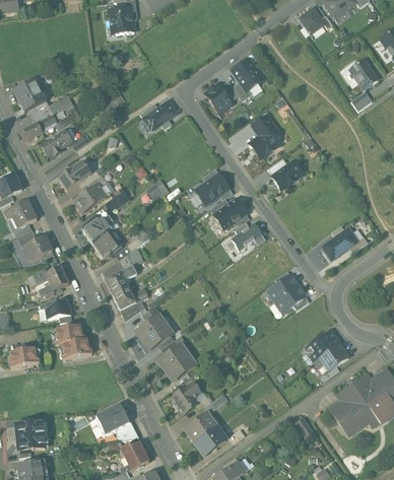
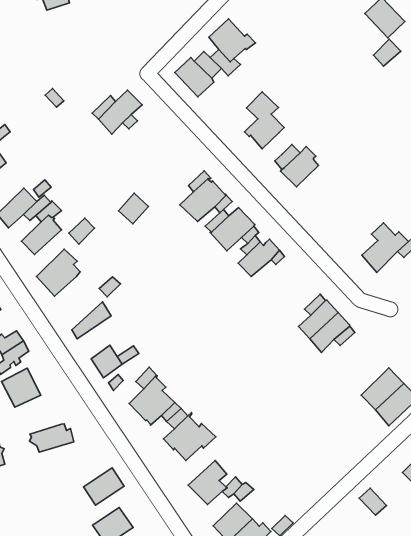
building: [92,232,123,258] -> none
building: [105,265,136,294] -> none
building: [52,325,84,344] -> none
building: none -> [83,468,124,505]

